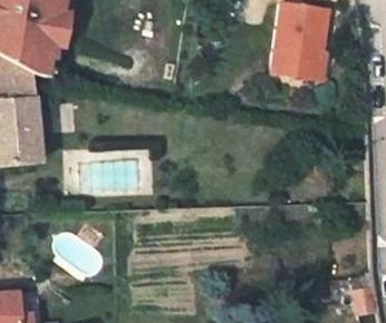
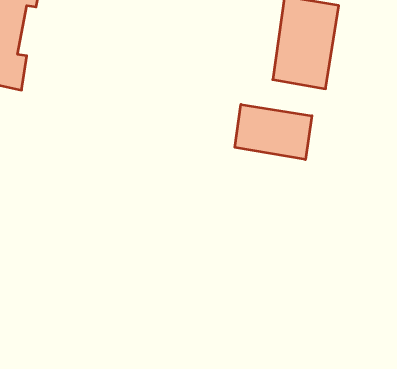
building: none -> [235,104,312,160]

